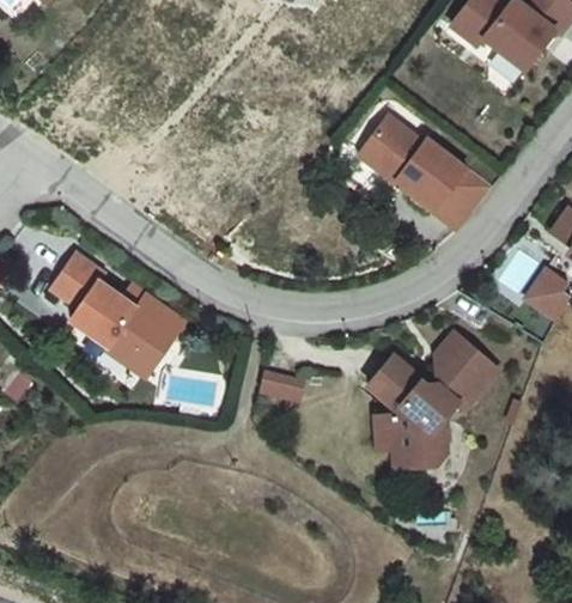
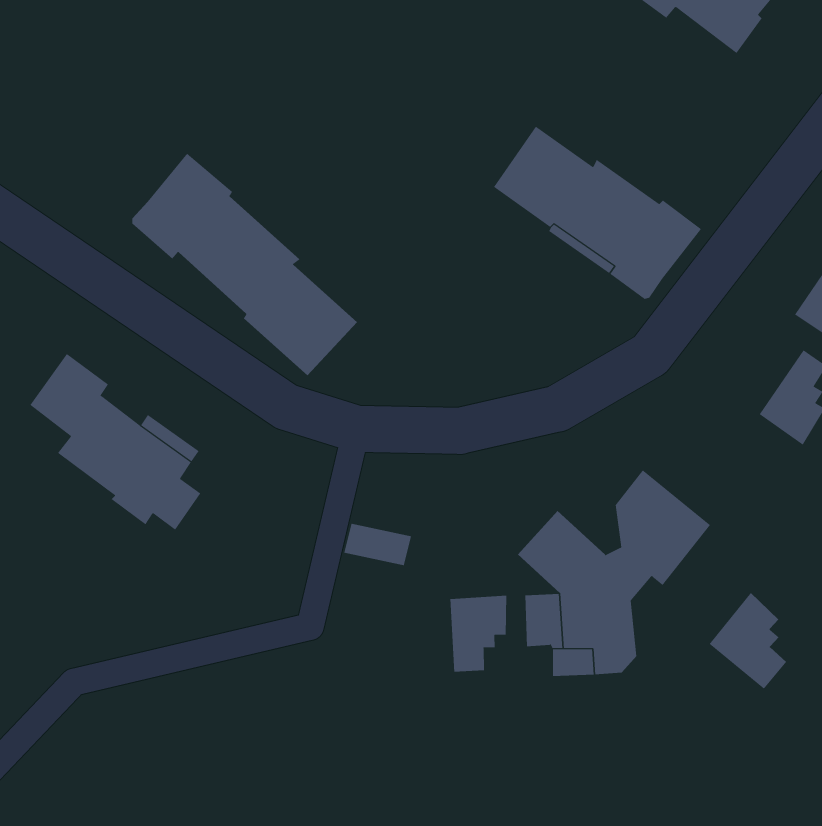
building: none -> [132,153,358,376]
building: none -> [709,592,787,690]
building: none -> [450,595,507,672]

